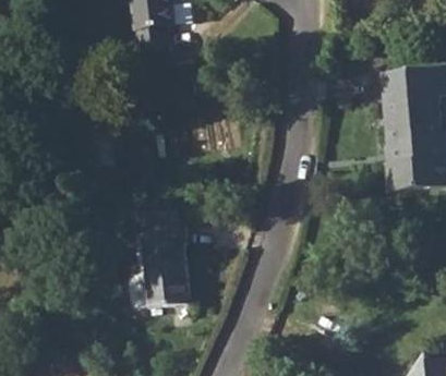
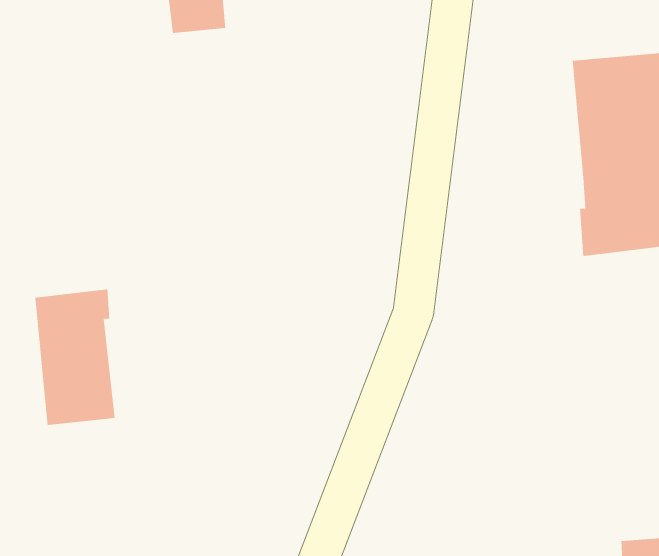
building: [142,222,191,305] -> [34,289,115,425]

